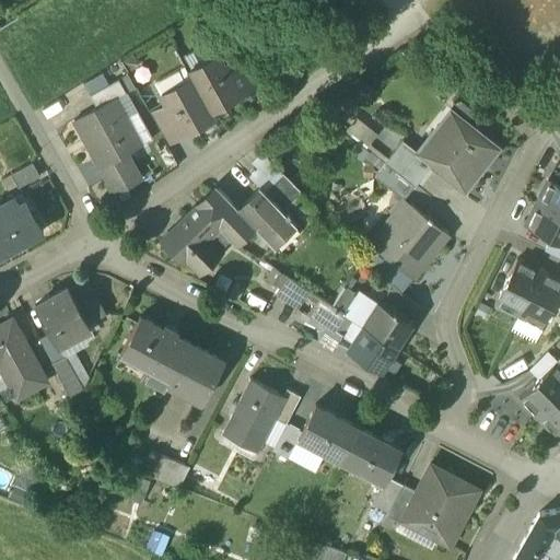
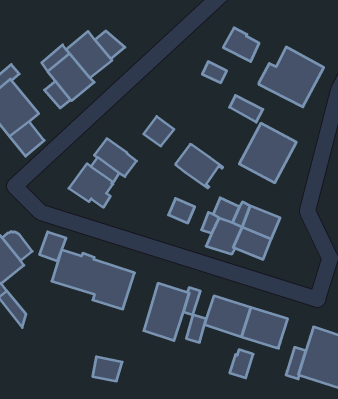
building: [385,145,430,190] -> [223,28,259,62]
building: [241,194,298,250] -> [176,144,223,188]
building: none -> [40,232,66,261]
building: [371,478,404,514] -> [230,350,253,378]

